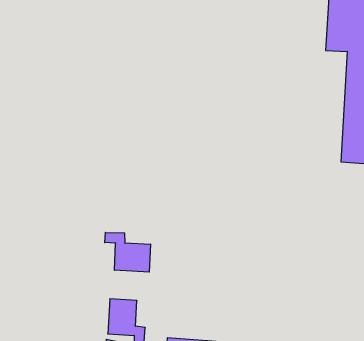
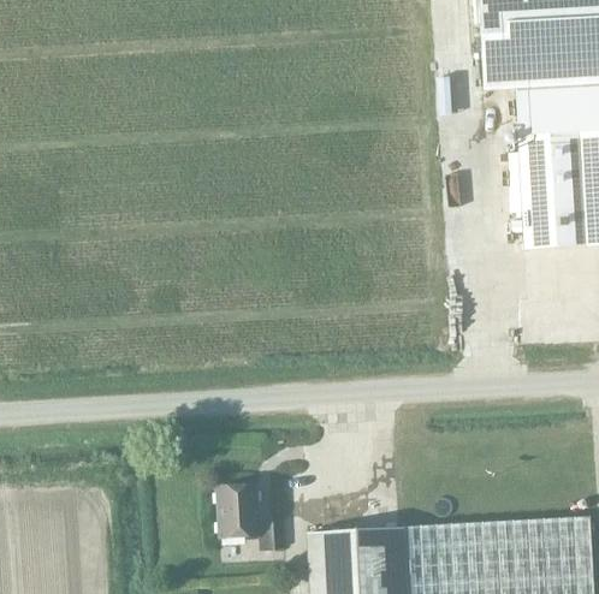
building: [105,232,150,272] -> none

